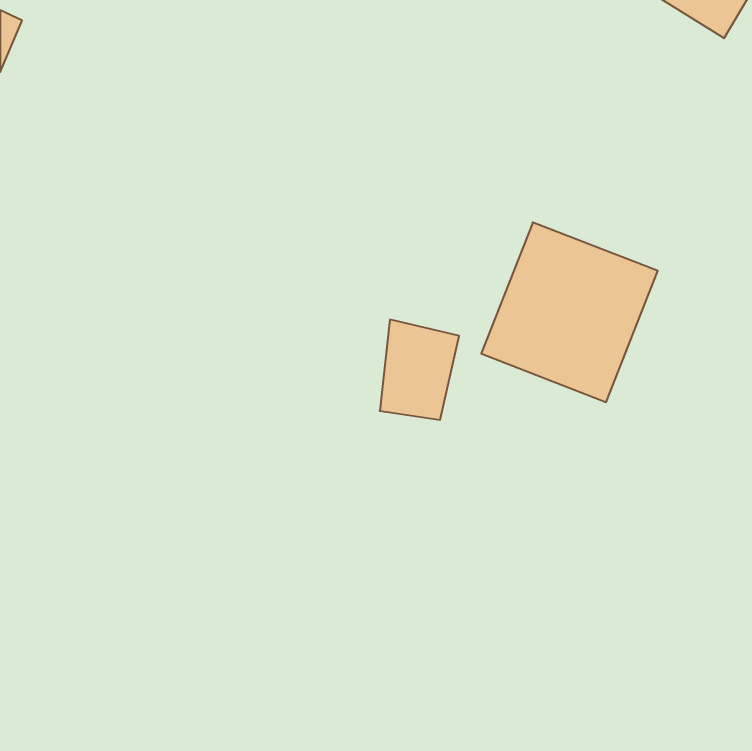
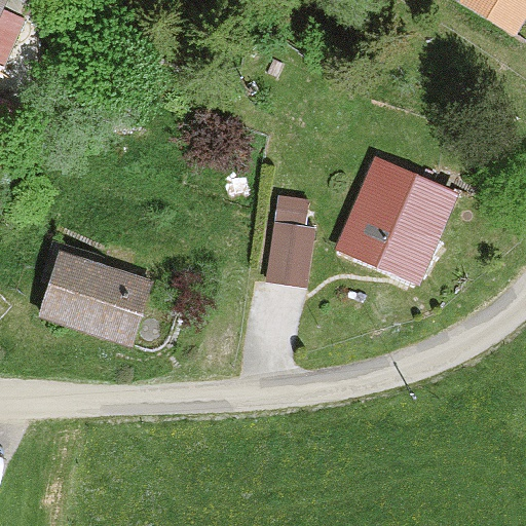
building: none -> [41,255,150,343]

